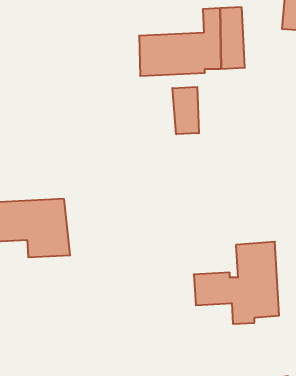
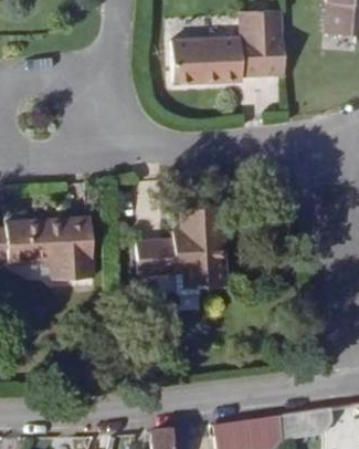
building: [172,87,199,134] -> none
building: [194,242,279,324] -> [135,207,226,295]

